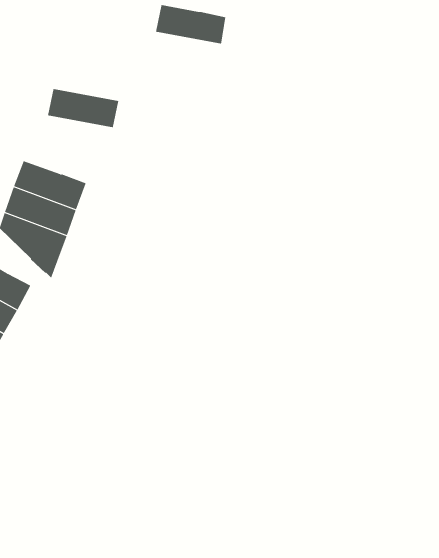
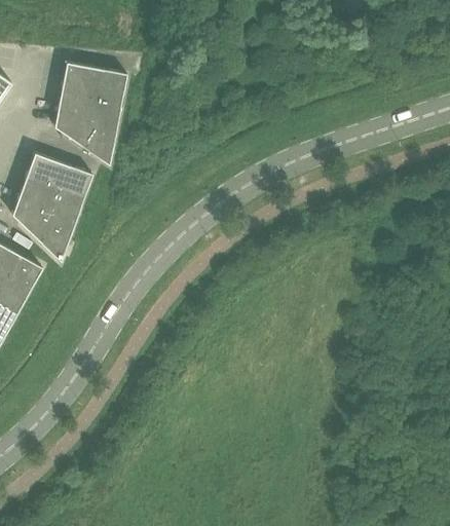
building: [155,5,226,44] -> [62,63,126,99]
building: none -> [54,112,117,164]

